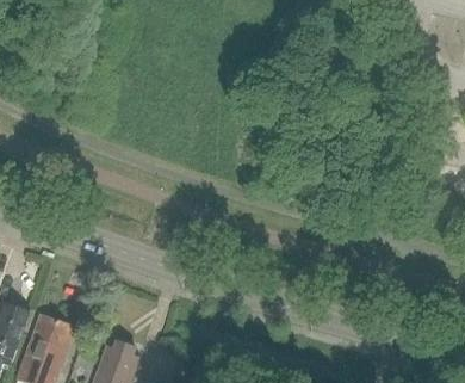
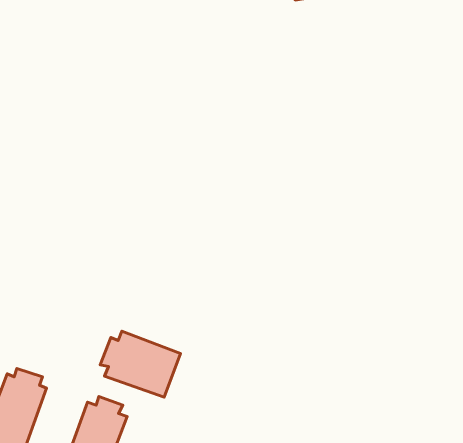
building: none -> [100,331,180,397]

